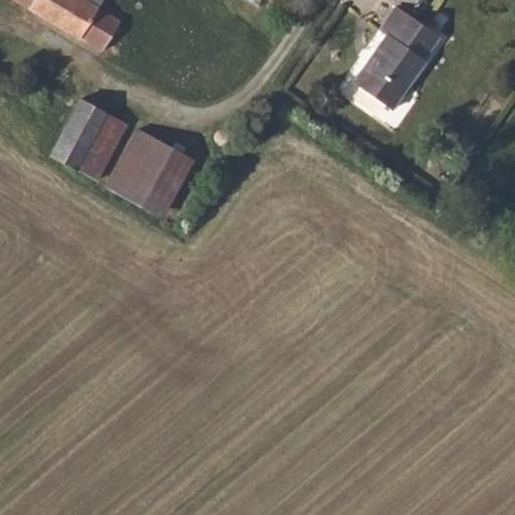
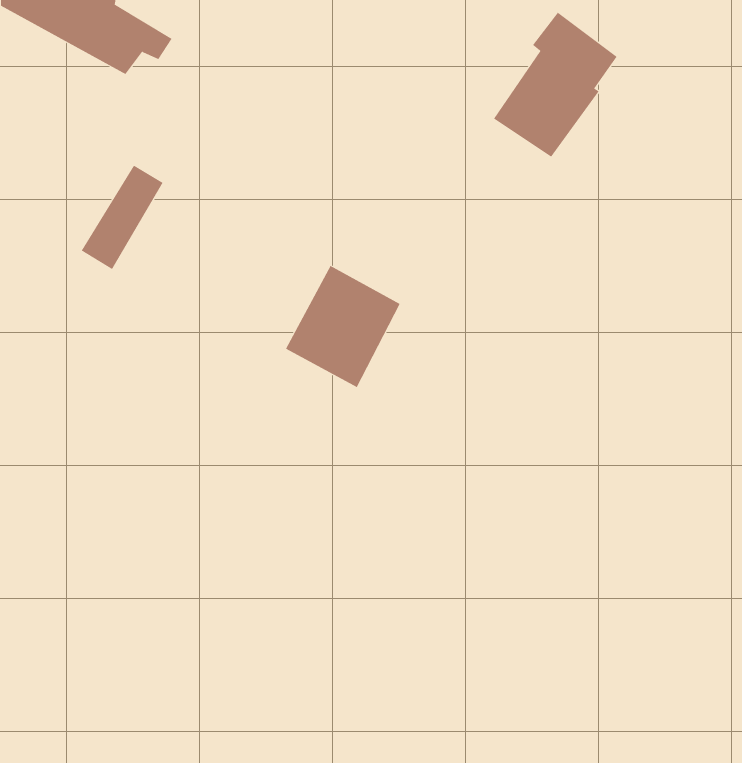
building: [44,97,106,168] -> none
building: [108,132,185,214] -> [285,265,400,388]

